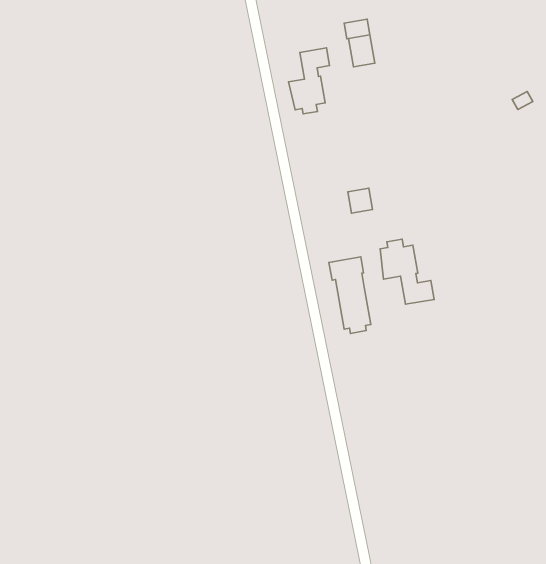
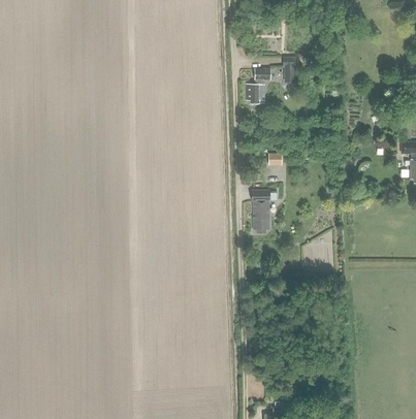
building: [380,239,434,304] -> none

